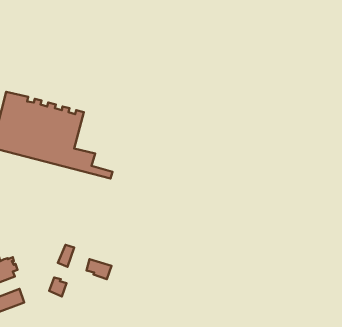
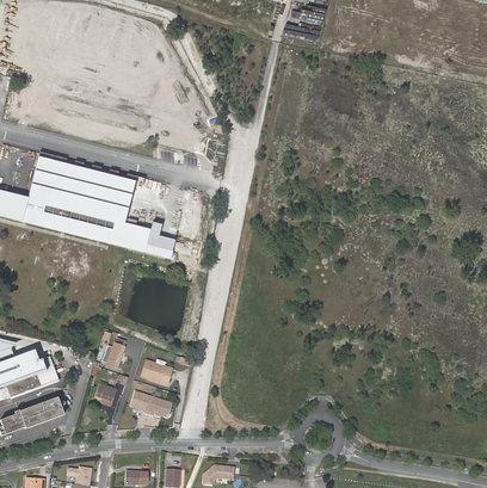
building: none -> [130,389,171,414]

